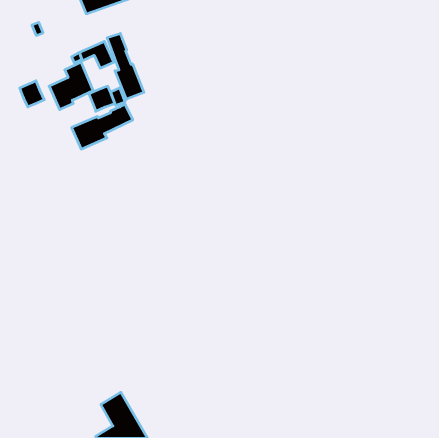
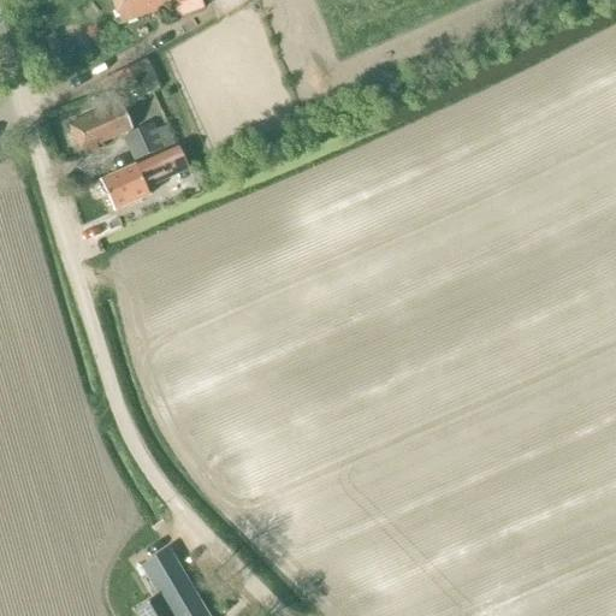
building: [107,33,144,99] -> none
building: [20,81,44,107] -> none

